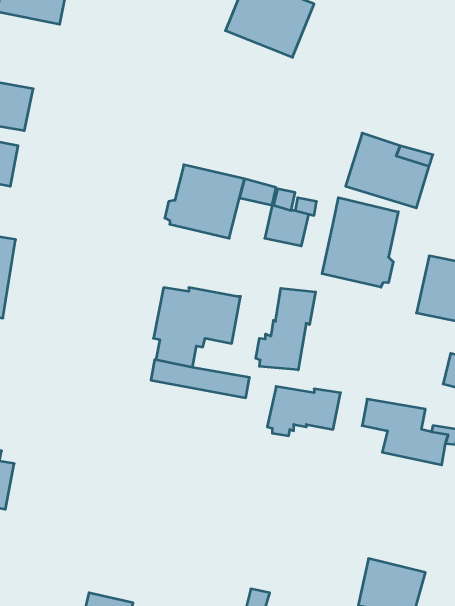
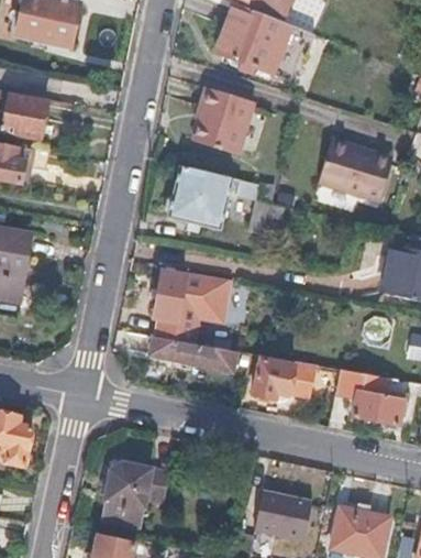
building: none -> [195,88,253,156]
building: [322,198,398,287] -> none
building: [256,288,316,370] -> none
building: none -> [101,463,166,528]
building: none -> [256,493,313,541]

